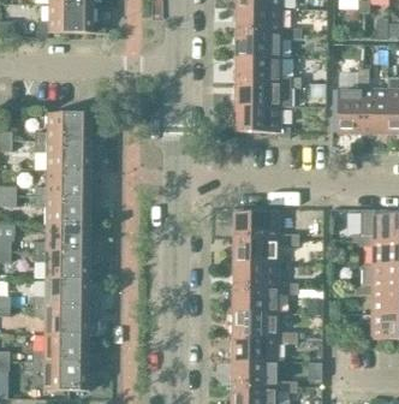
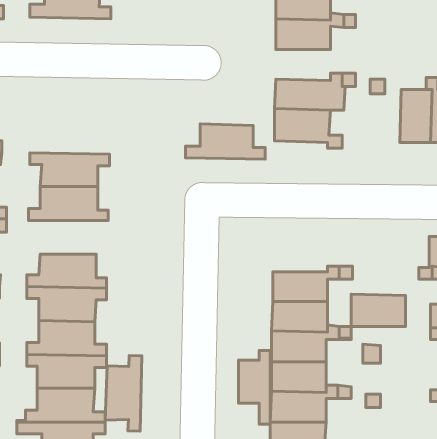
building: [237,57,281,82] -> none
building: [36,113,101,142] -> [185,124,265,159]
building: [35,196,100,224] -> none
building: [234,212,279,238] -> [351,294,406,326]
building: none -> [238,350,270,424]
building: none -> [105,356,142,431]

